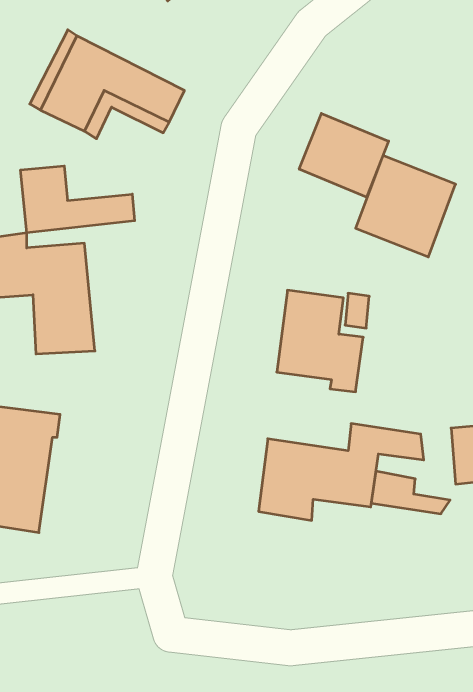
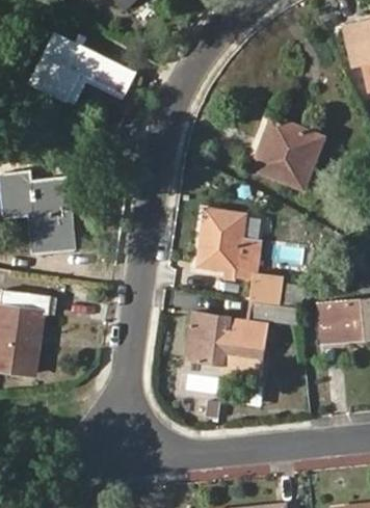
building: [299,113,389,197] -> none
building: [21,166,135,233] -> none
building: [371,471,450,514] -> [249,279,303,309]

